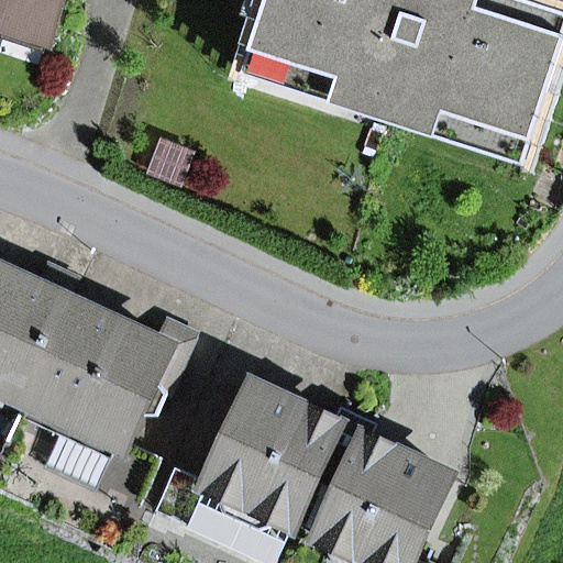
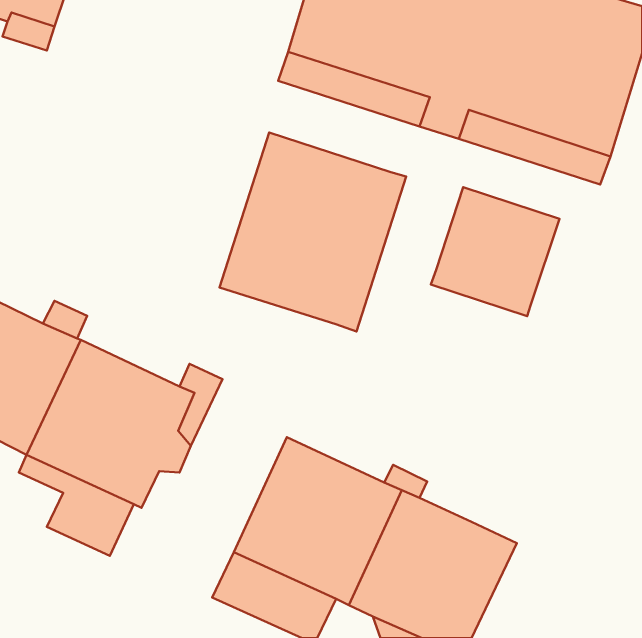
building: none -> [219,133,406,331]
building: none -> [431,187,559,316]

